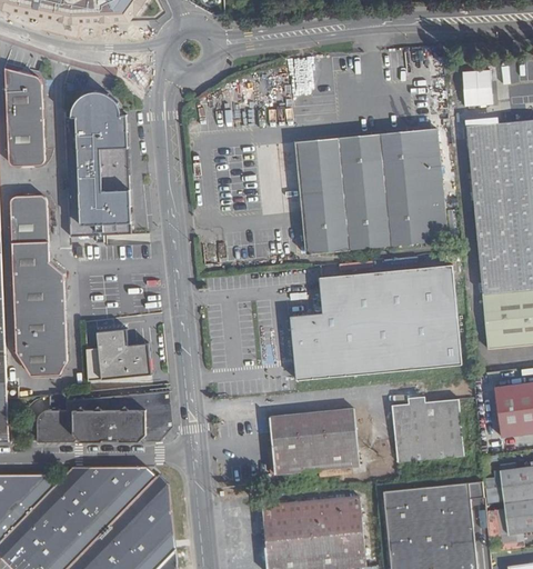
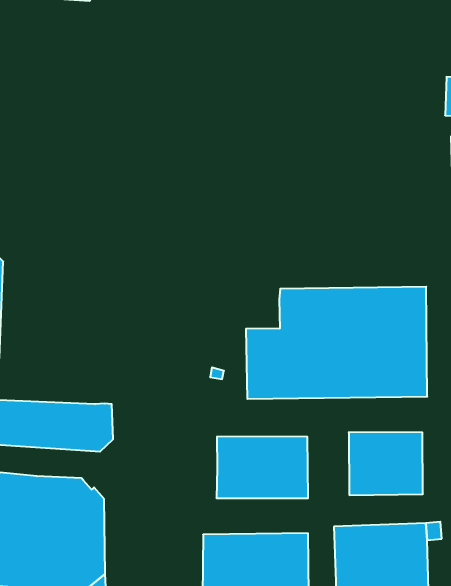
building: [63,90,131,241] -> none
building: [296,130,445,253] -> none
building: [89,327,155,379] -> none

